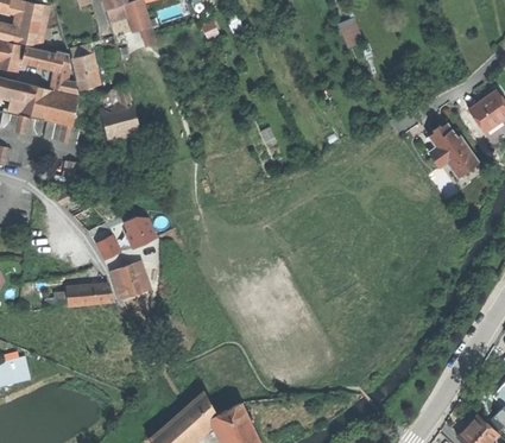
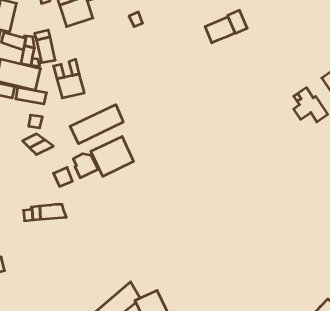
building: none -> [205,17,235,43]
building: none -> [70,105,123,144]
building: none -> [91,136,133,176]
building: [111,264,144,298] -> none

